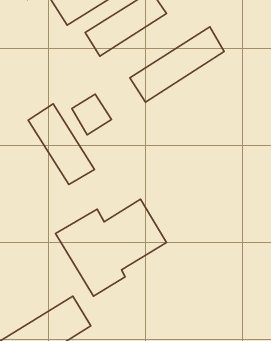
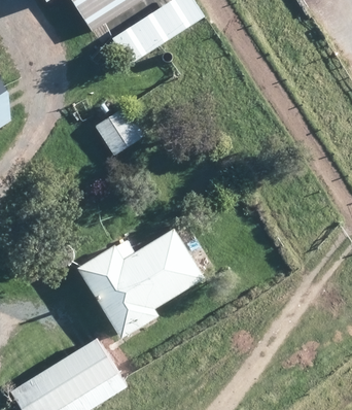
building: [130,27,224,102] -> none
building: [28,104,94,185] -> none

